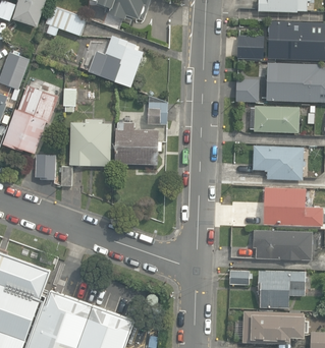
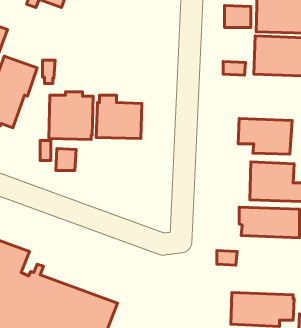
building: [89,35,143,84] -> none
building: [147,95,167,124] -> none
building: [252,105,299,131] -> none
building: [36,154,55,175] -> [56,148,76,171]
building: [259,272,307,308] -> none

